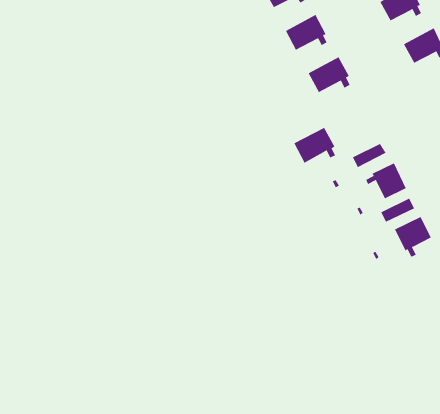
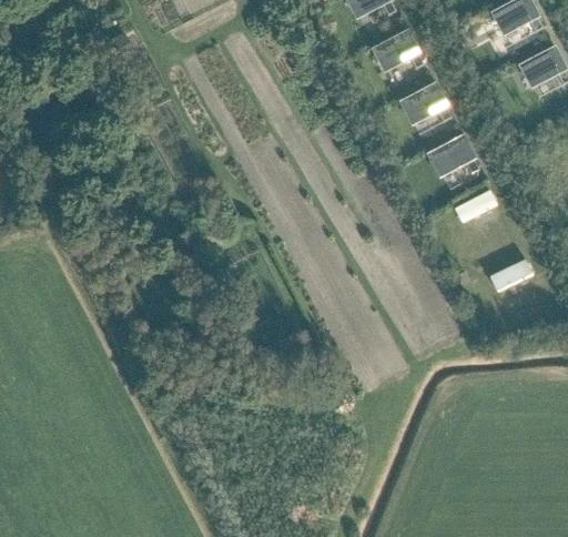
building: [294,127,336,163] -> [426,132,479,178]
building: [365,162,407,199] -> none
building: [394,216,431,257] -> none

